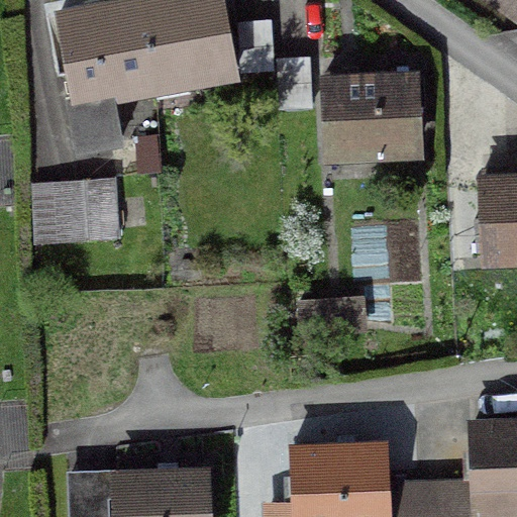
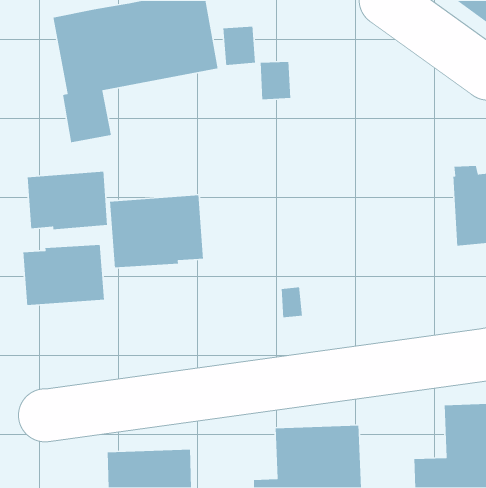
building: [325,74,415,156] -> none
building: none -> [109,195,204,268]
building: none -> [23,244,105,306]

